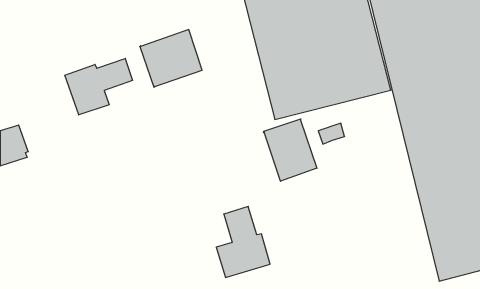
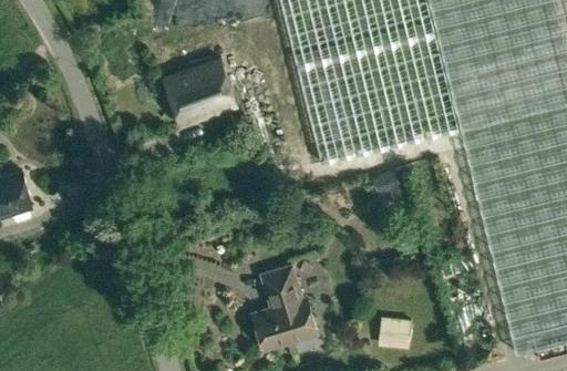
building: [65,58,133,115] -> none
building: [264,119,317,181] -> none
building: none -> [378,316,412,348]

